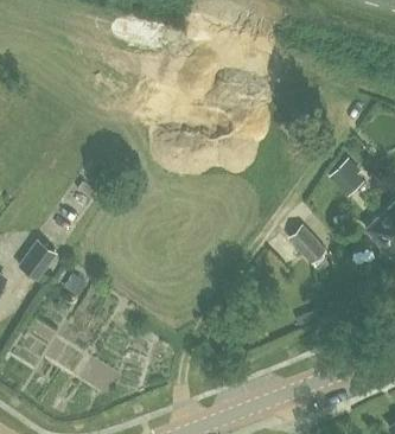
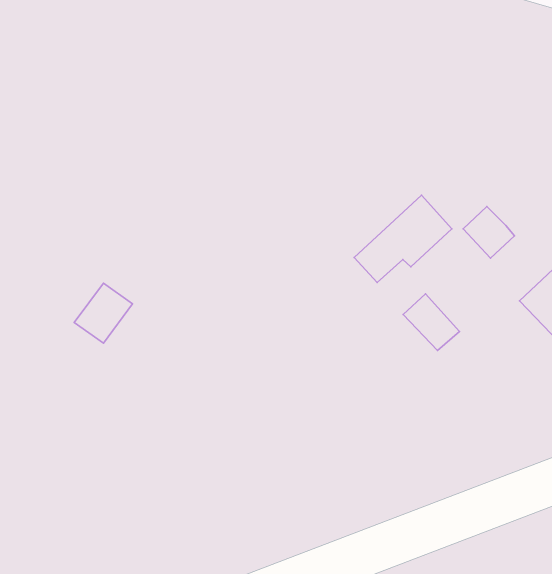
building: none -> [354,195,452,283]
building: [18,240,58,281] -> [74,283,132,343]

